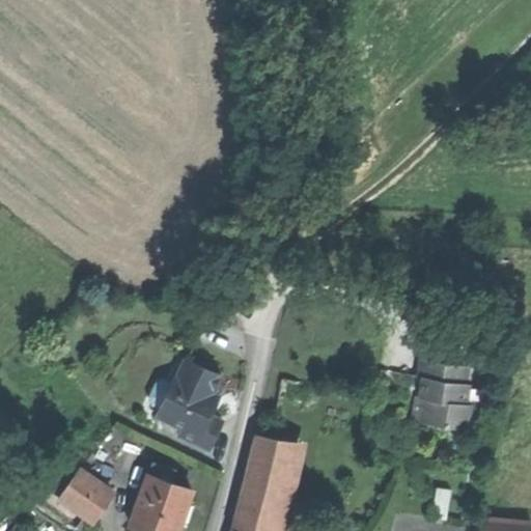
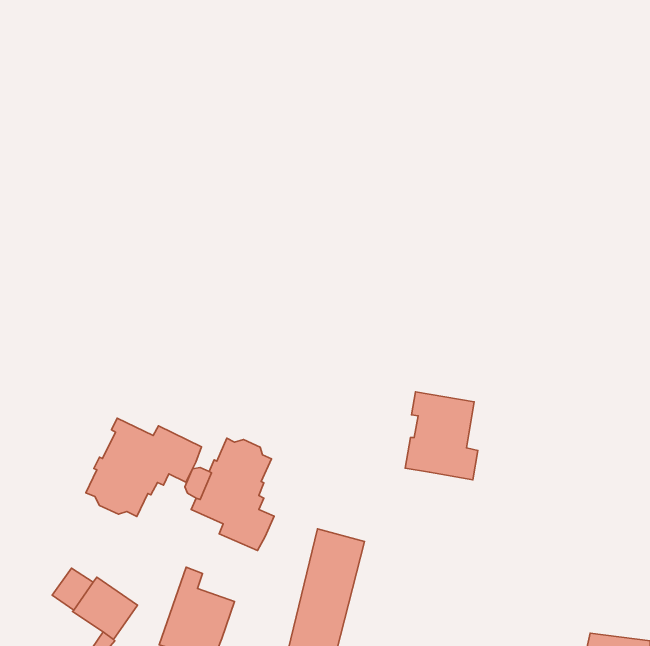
building: none -> [86,418,201,516]
building: [412,358,471,429] -> [405,392,478,480]

